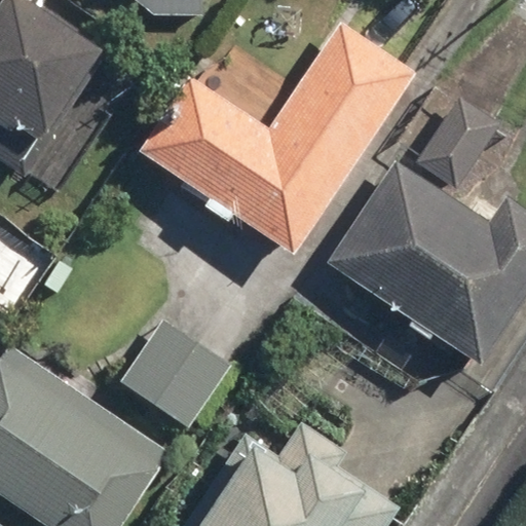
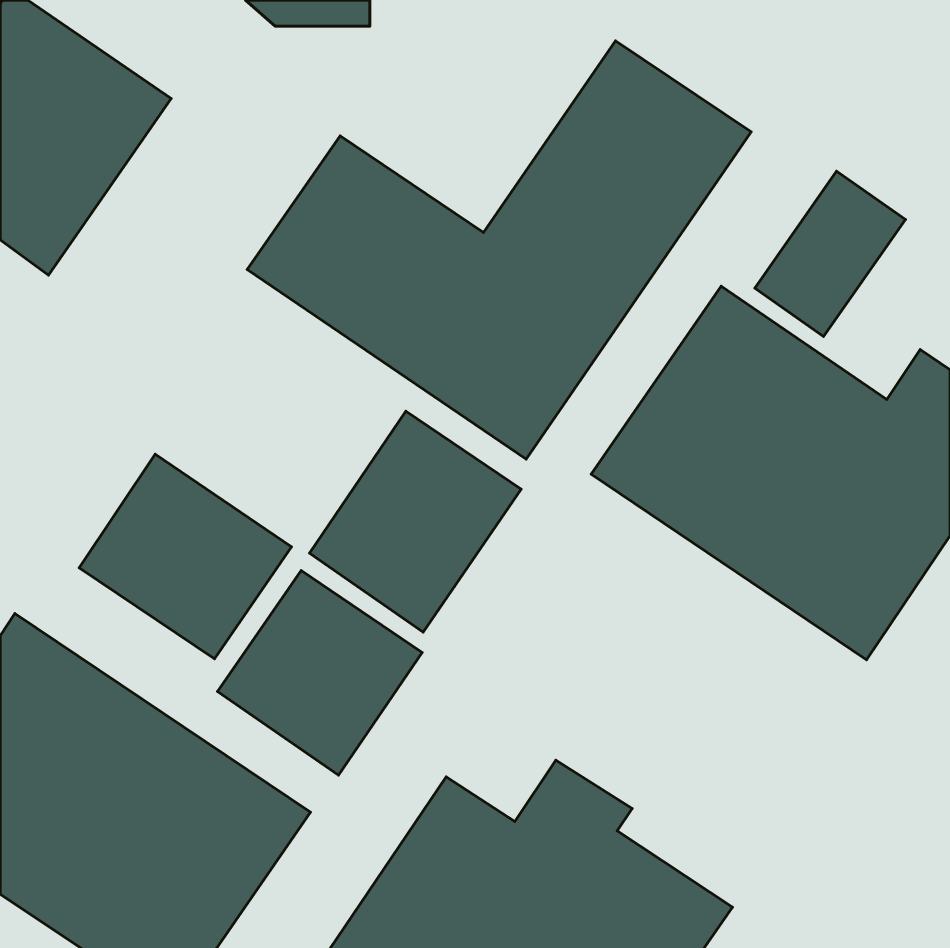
building: none -> [309,411,521,632]
building: none -> [79,454,291,659]

